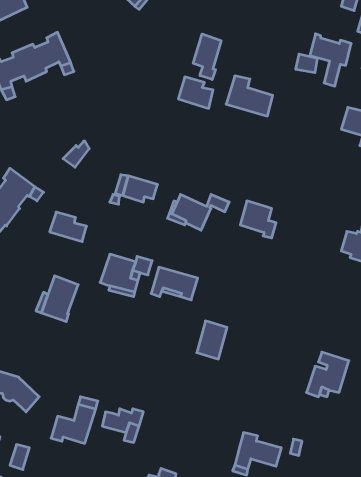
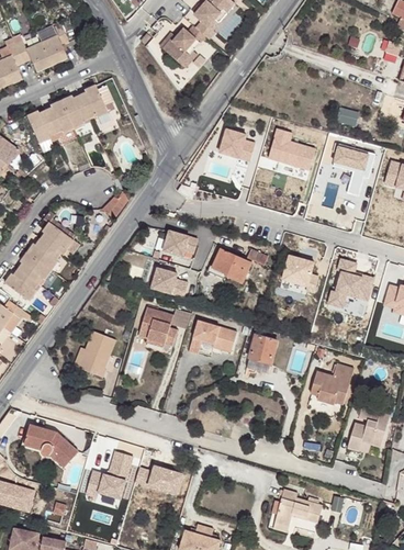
building: [310,34,351,86] -> [333,143,374,195]
building: [193,34,221,80] -> none
building: none -> [327,259,373,307]
building: [50,212,87,242] -> [149,267,187,296]
building: none -> [312,364,357,406]
building: [197,321,227,359] -> [246,337,277,375]

